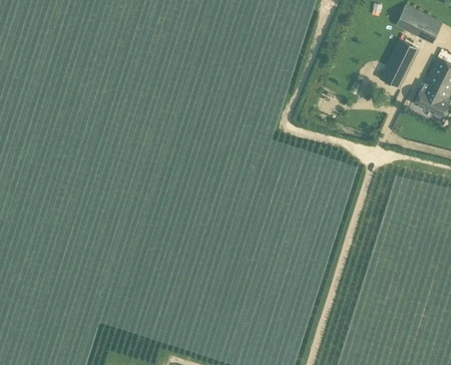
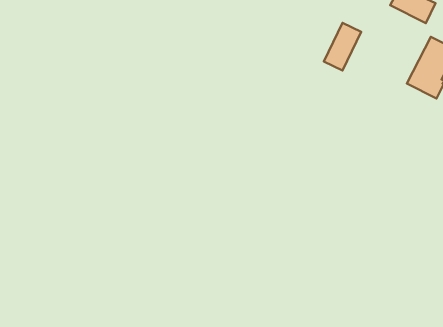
building: [380,39,418,87] -> [324,23,361,70]

